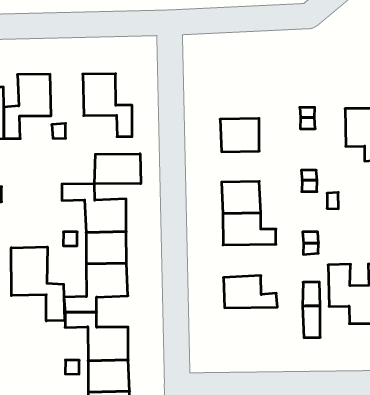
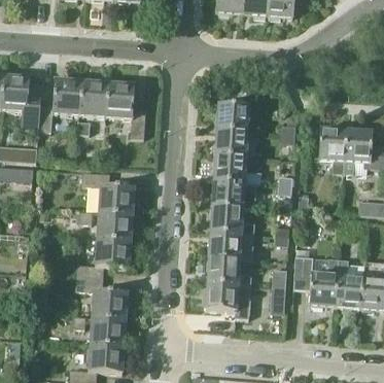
building: none -> [79,80,108,116]
building: none -> [217,104,250,131]
building: none -> [214,155,261,183]
building: [95,154,141,184] -> none
building: none -> [209,232,254,259]
building: [11,247,64,321] -> none
building: none -> [206,283,251,311]

